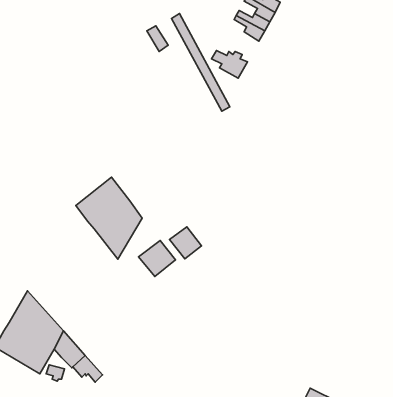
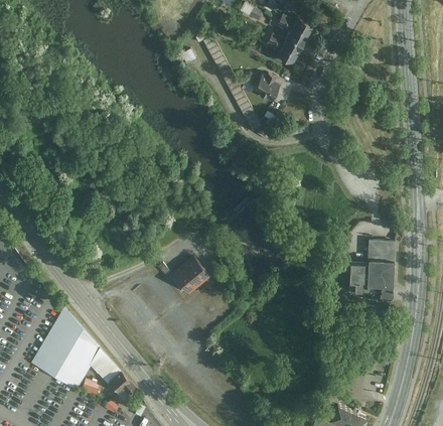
building: [76,177,142,259] -> none
building: none -> [349,239,396,303]
building: [169,227,201,259] -> none

